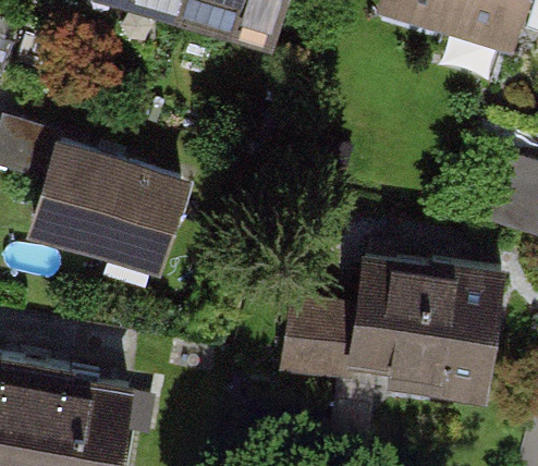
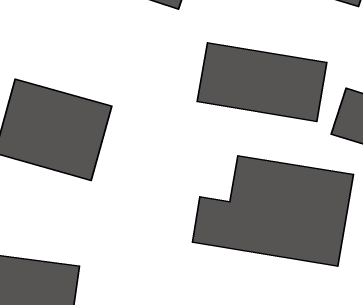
building: none -> [197,43,327,121]

